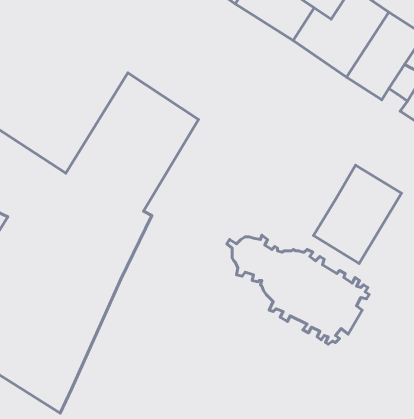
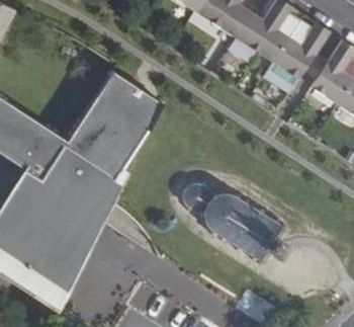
building: [313,165,401,263] -> none

